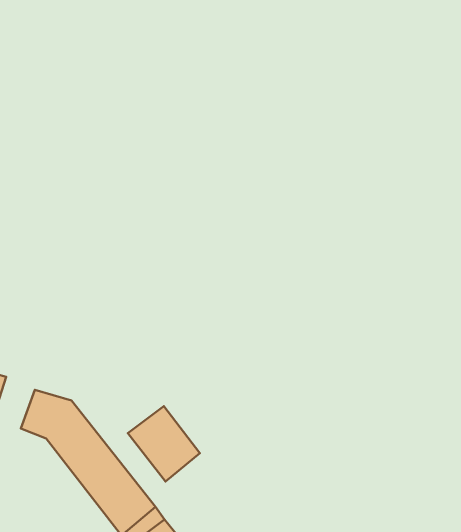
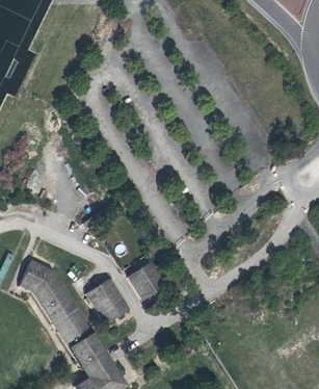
building: none -> [127,261,166,302]

